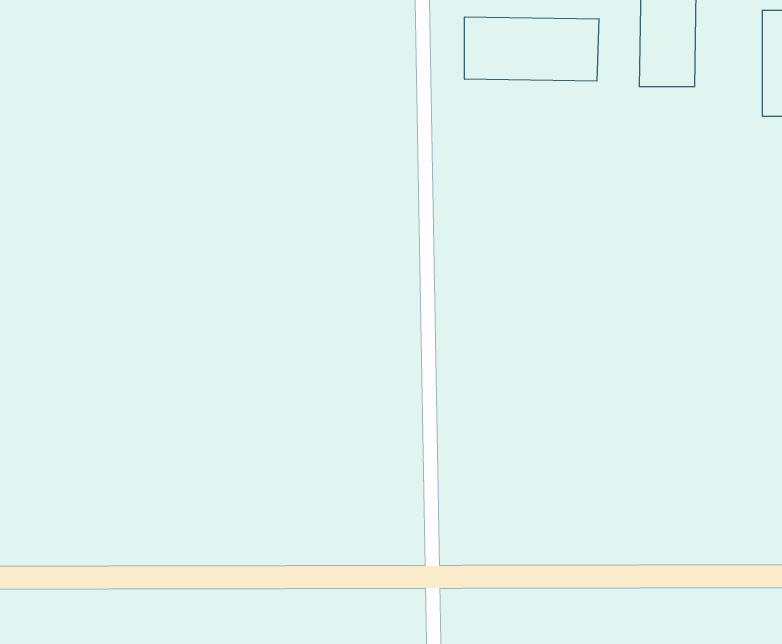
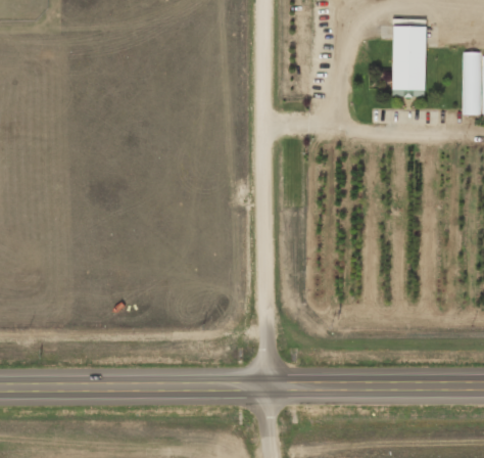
building: [464,17,599,81] -> none

